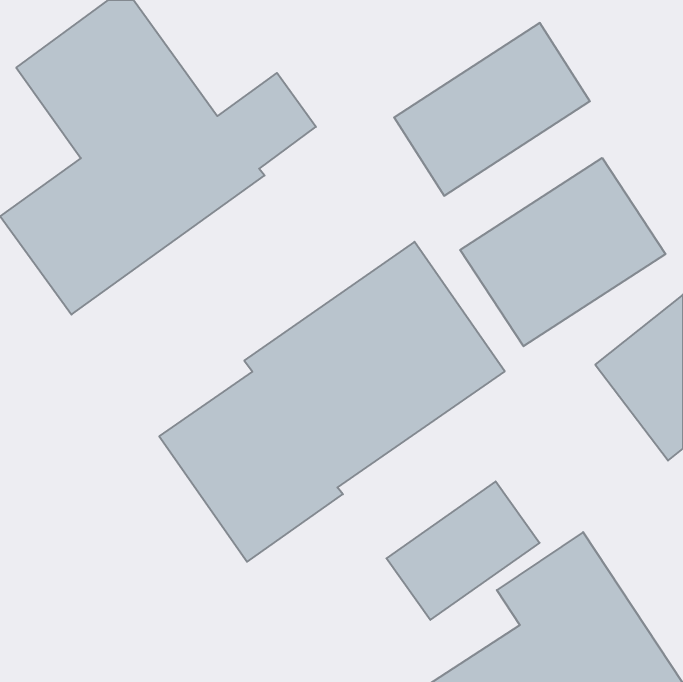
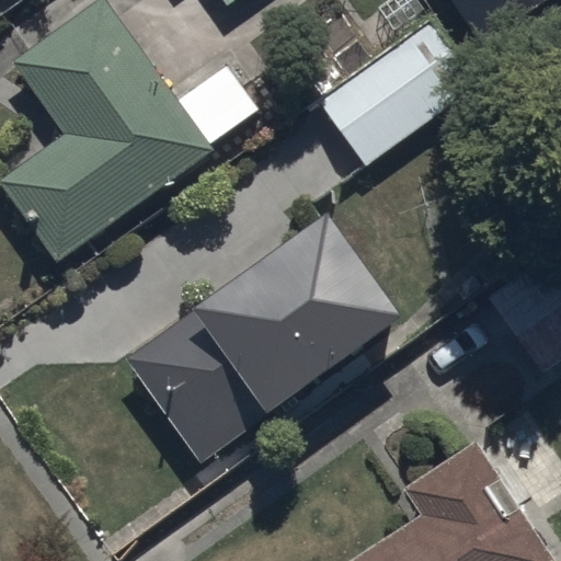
building: [460,158,665,346] -> none
building: [386,481,540,620] -> none

